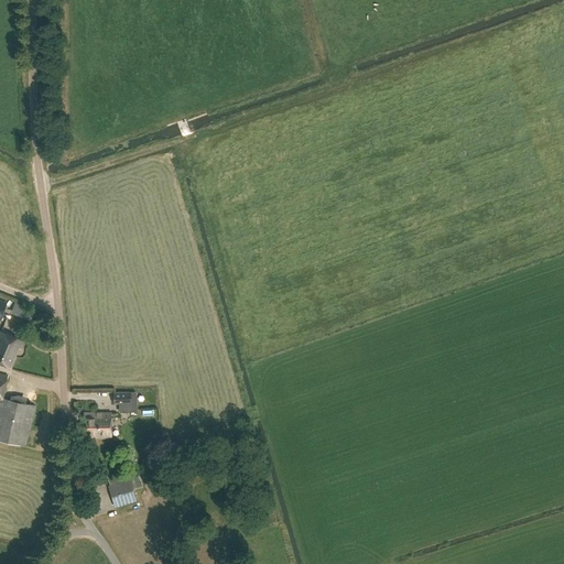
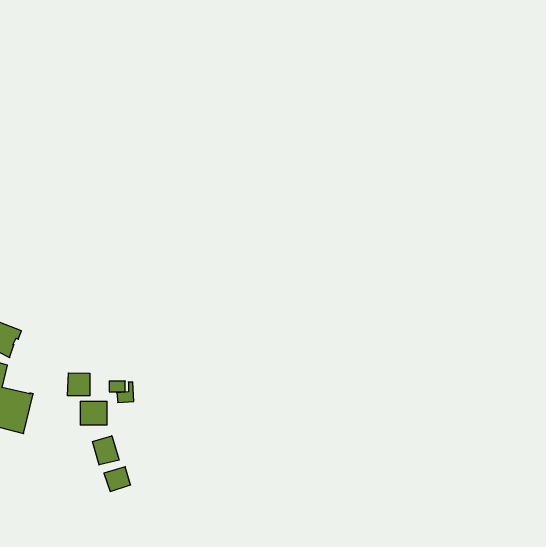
building: none -> [68,373,90,396]
building: none -> [93,436,119,465]

